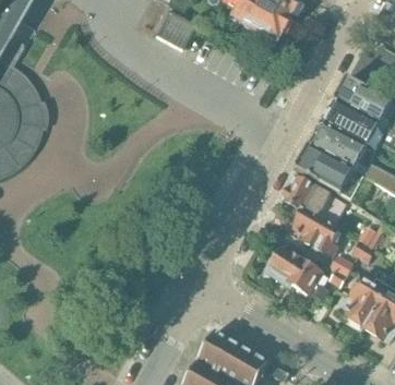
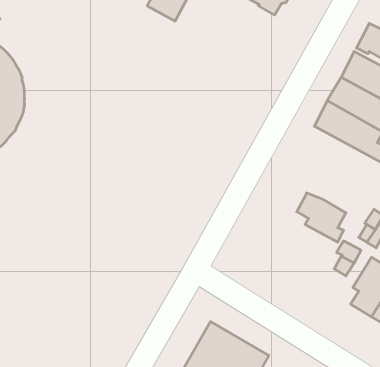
building: [298,147,363,198] -> none
building: [284,175,332,216] -> none
building: [267,248,326,299] -> none

